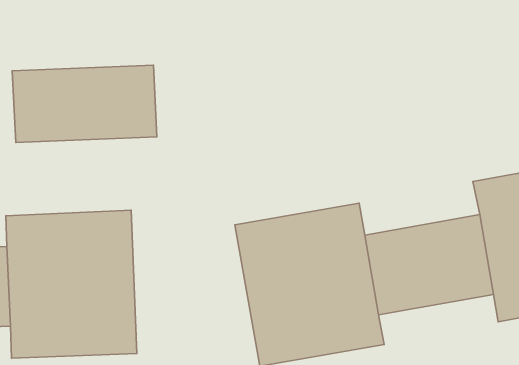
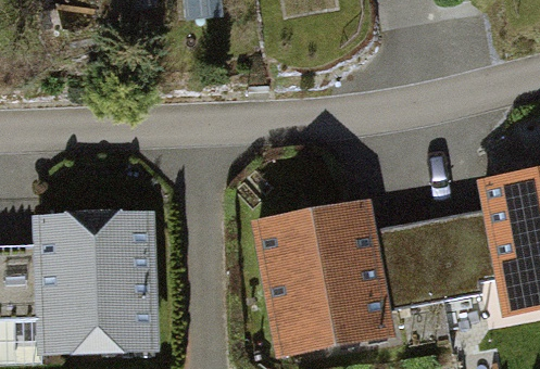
building: [12,65,157,143] -> none

